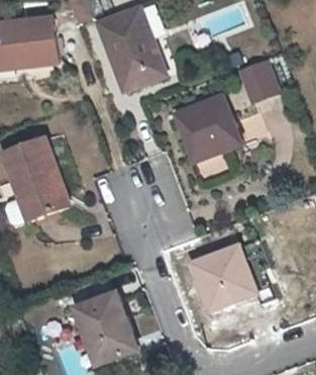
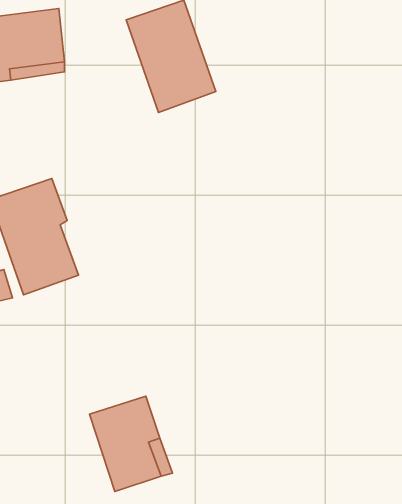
building: [242,64,279,102] -> none
building: [180,98,245,164] -> none
building: [195,248,256,309] -> none

